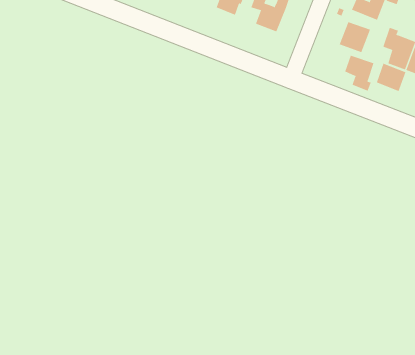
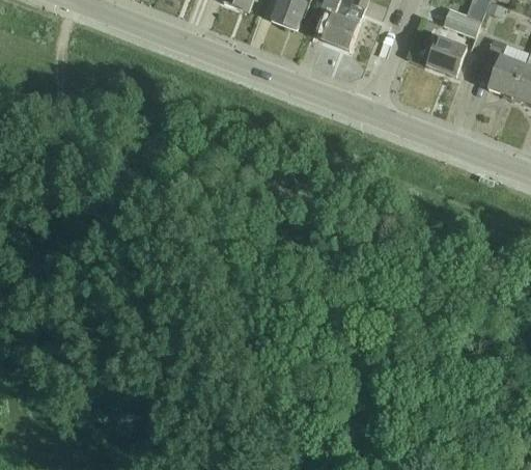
building: [344,55,374,91] -> none
building: [376,63,406,92] -> none

